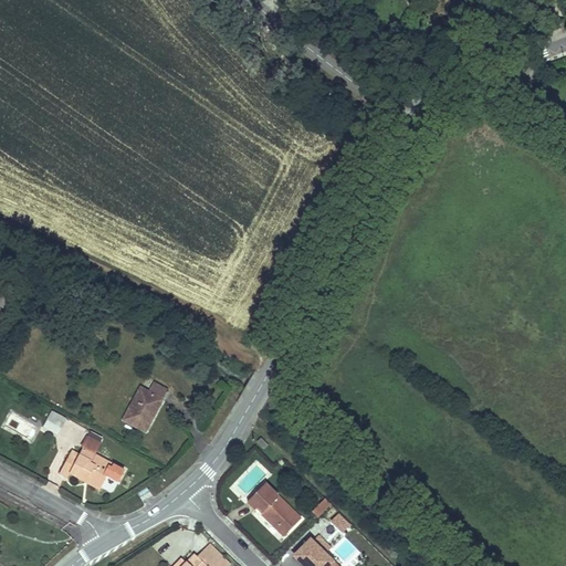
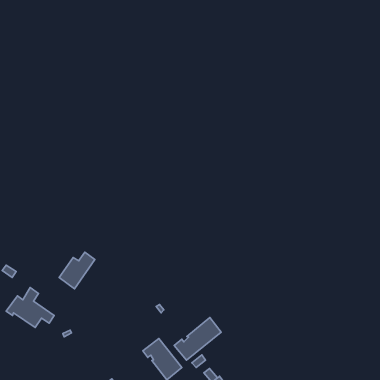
building: none -> [174,317,221,360]

